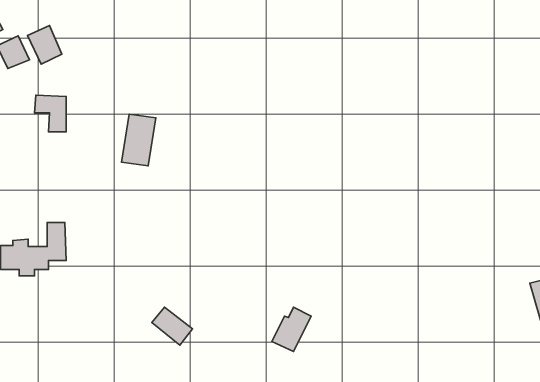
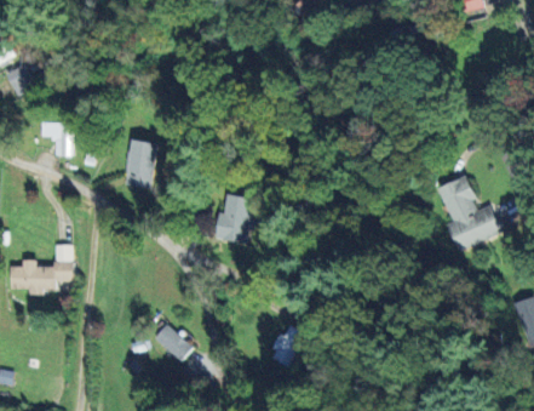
building: [28,26,62,64] -> none
building: none -> [441,177,504,250]
building: none -> [216,194,260,244]

